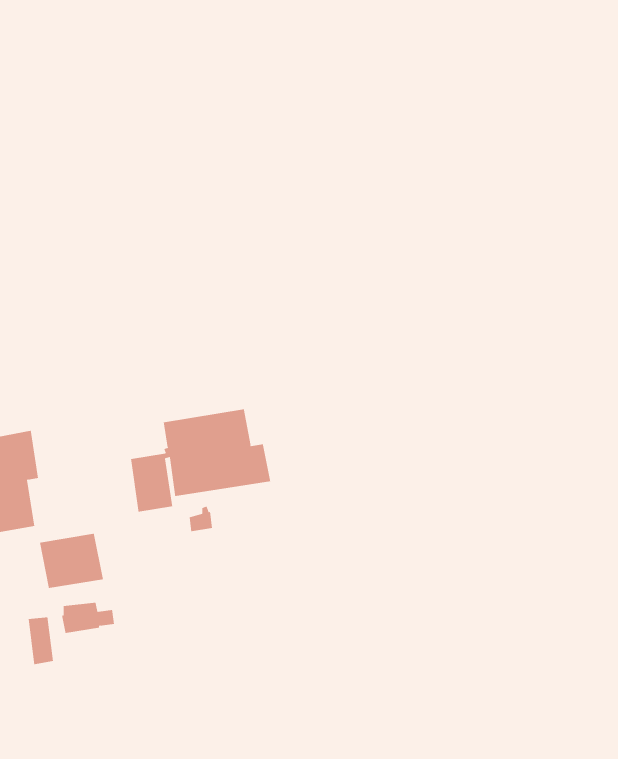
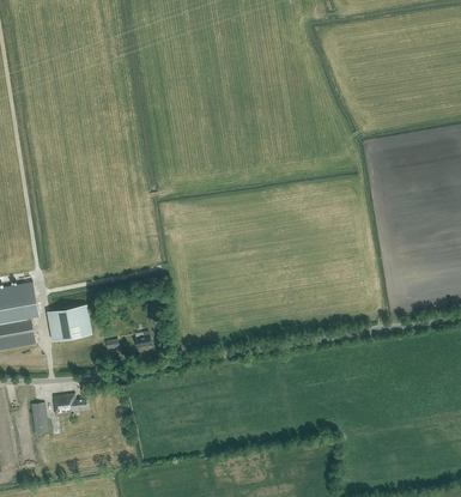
building: [131,408,271,513] -> none
building: [39,533,104,589] -> [49,304,91,340]

